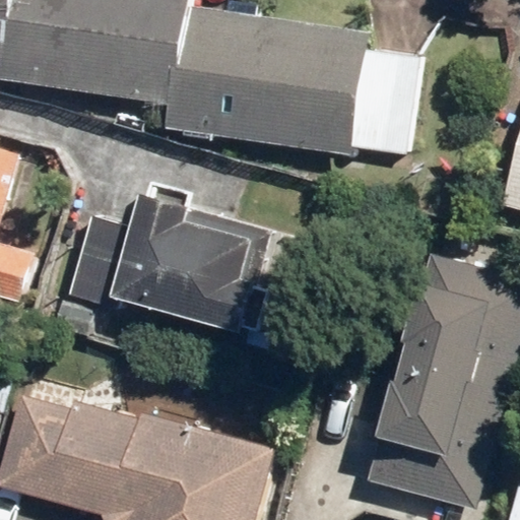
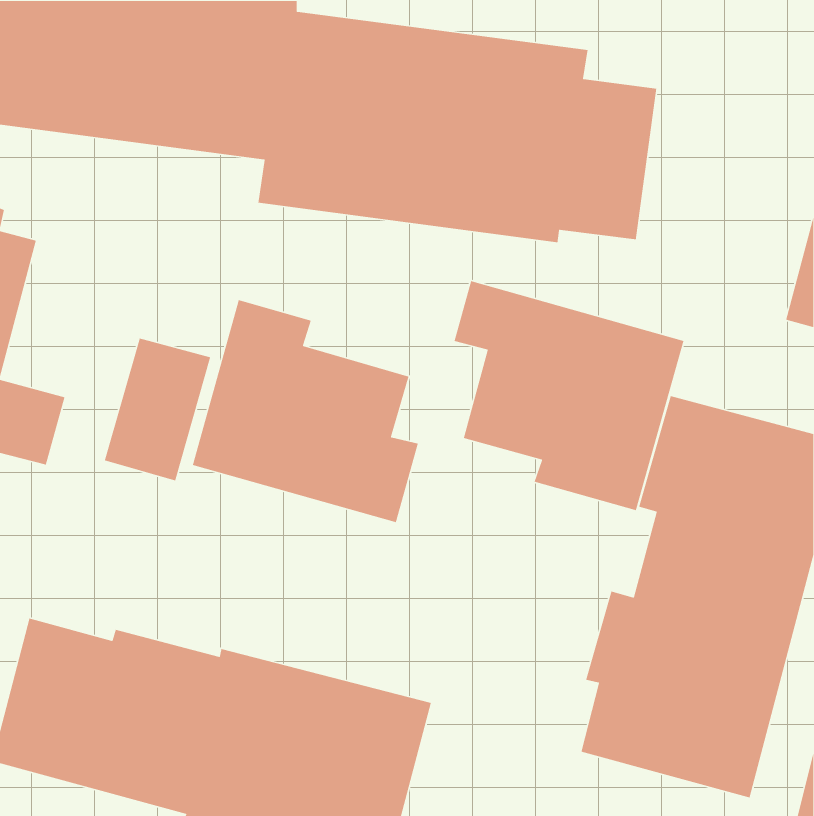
building: none -> [453,280,684,511]

